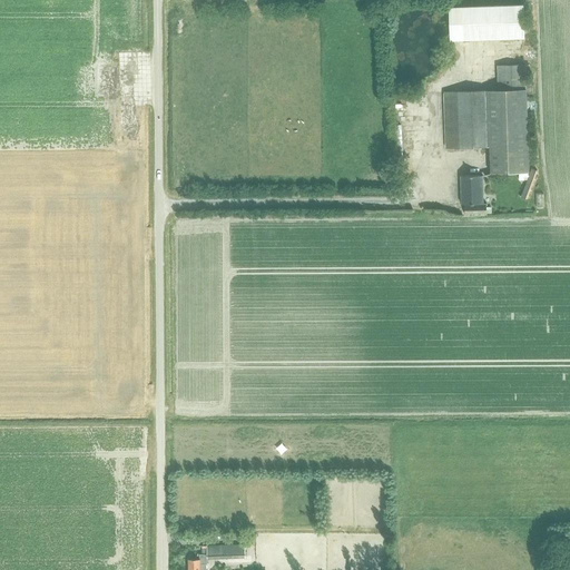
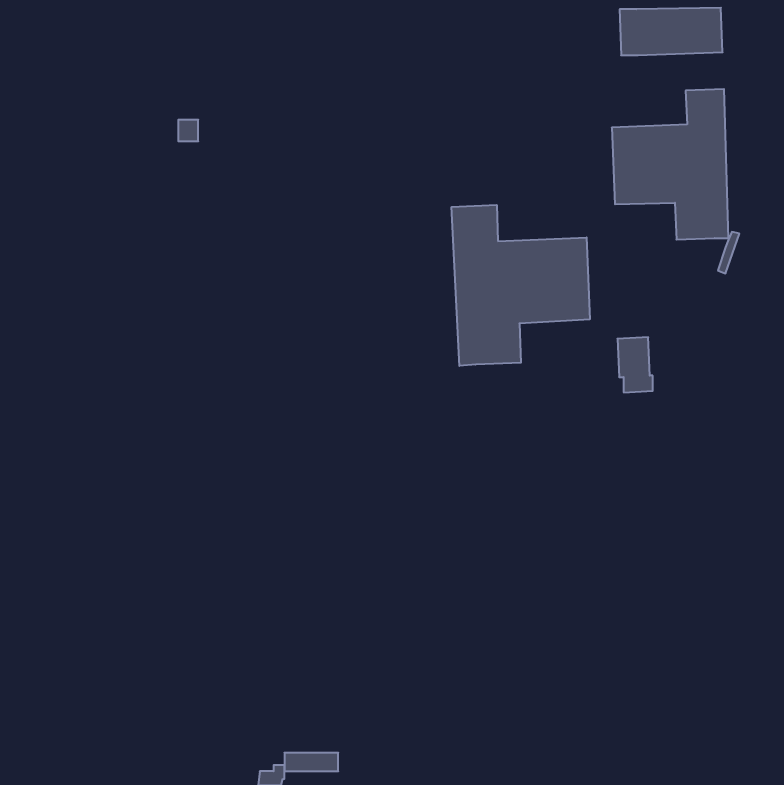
building: none -> [452,205,590,366]
building: [460,175,485,215] -> [617,337,653,392]

